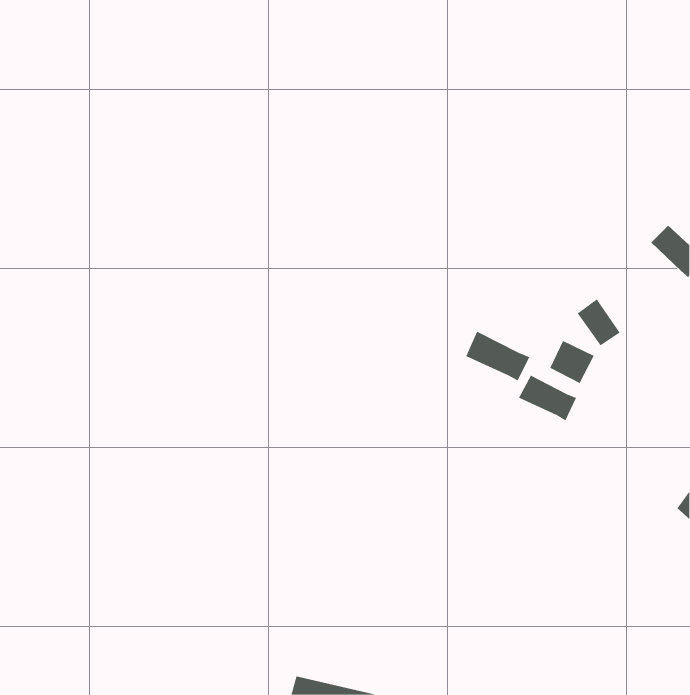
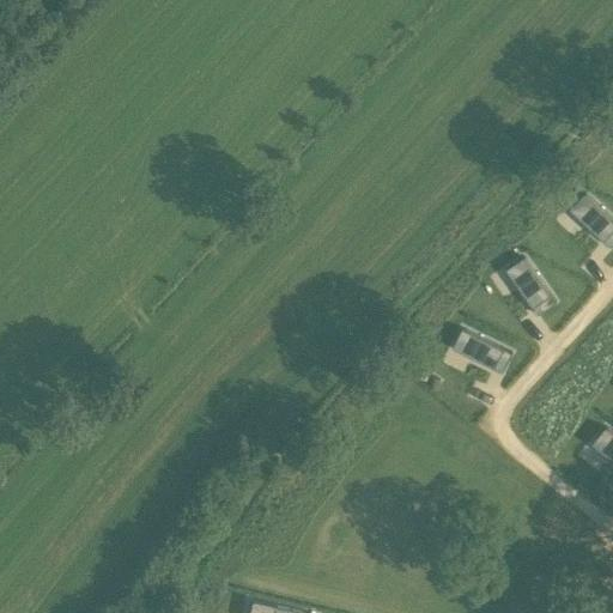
building: [466,331,530,381] -> none
building: [550,340,594,384] -> none

